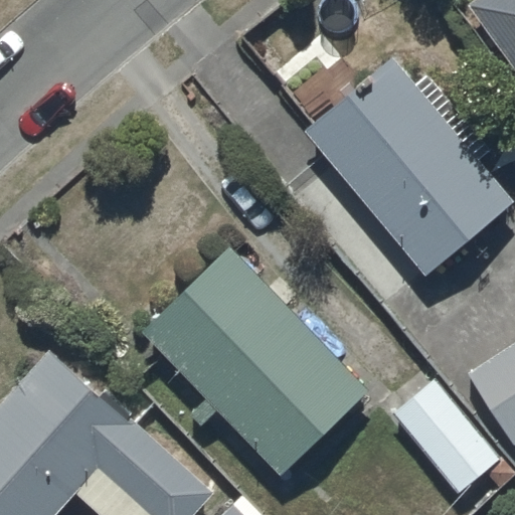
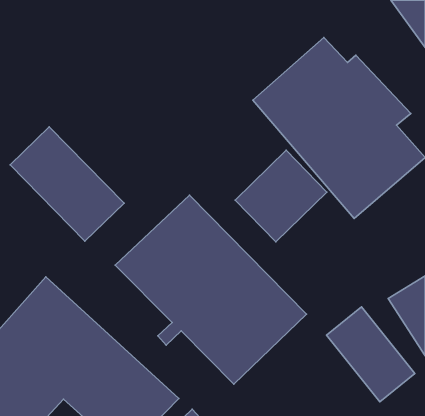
building: none -> [10,127,124,241]
building: none -> [235,150,327,242]

